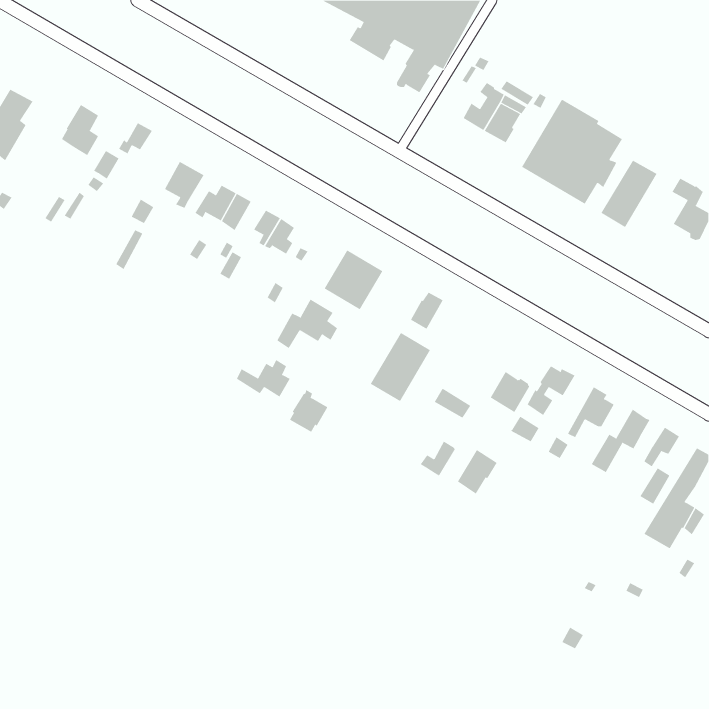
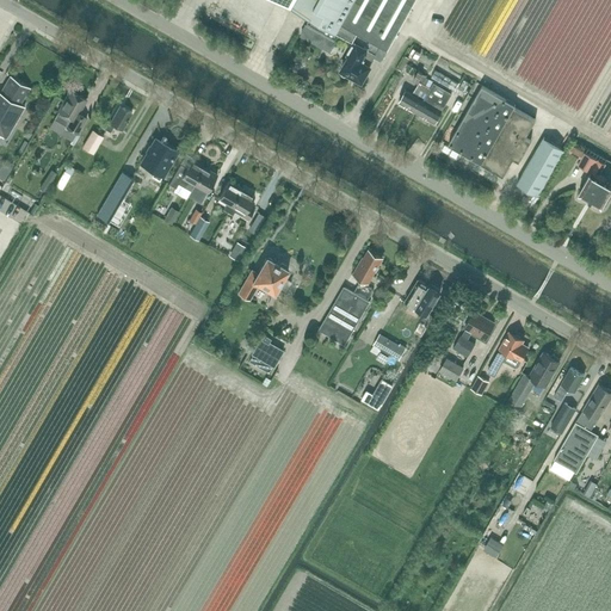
building: [324,250,383,310] -> none
building: [236,359,291,398] -> none
building: [490,371,530,413] -> [405,279,439,315]
building: [457,449,498,494] -> none

